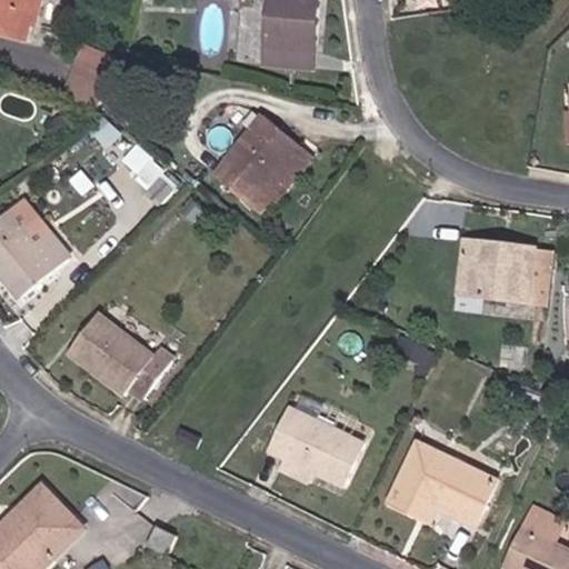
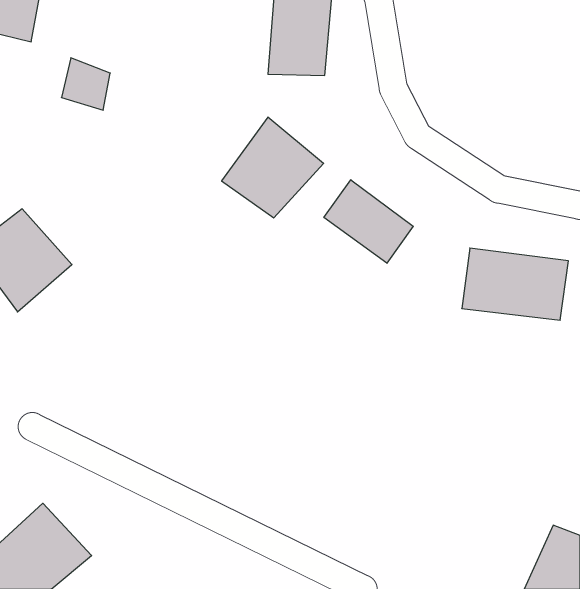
building: none -> [324,180,413,263]
building: [64,310,173,403] -> none
building: [269,403,365,487] -> none
building: [387,438,500,529] -> none

